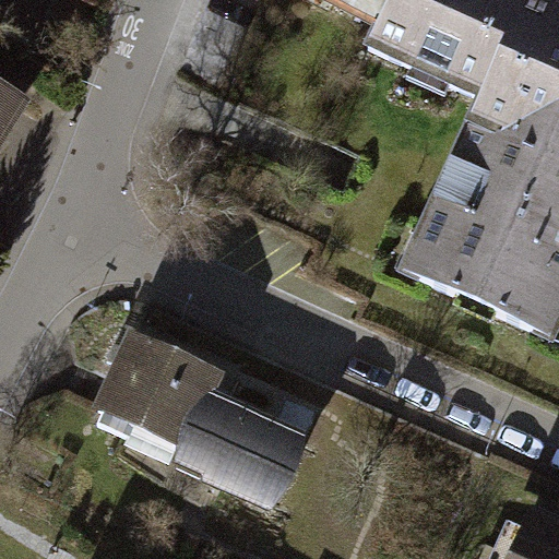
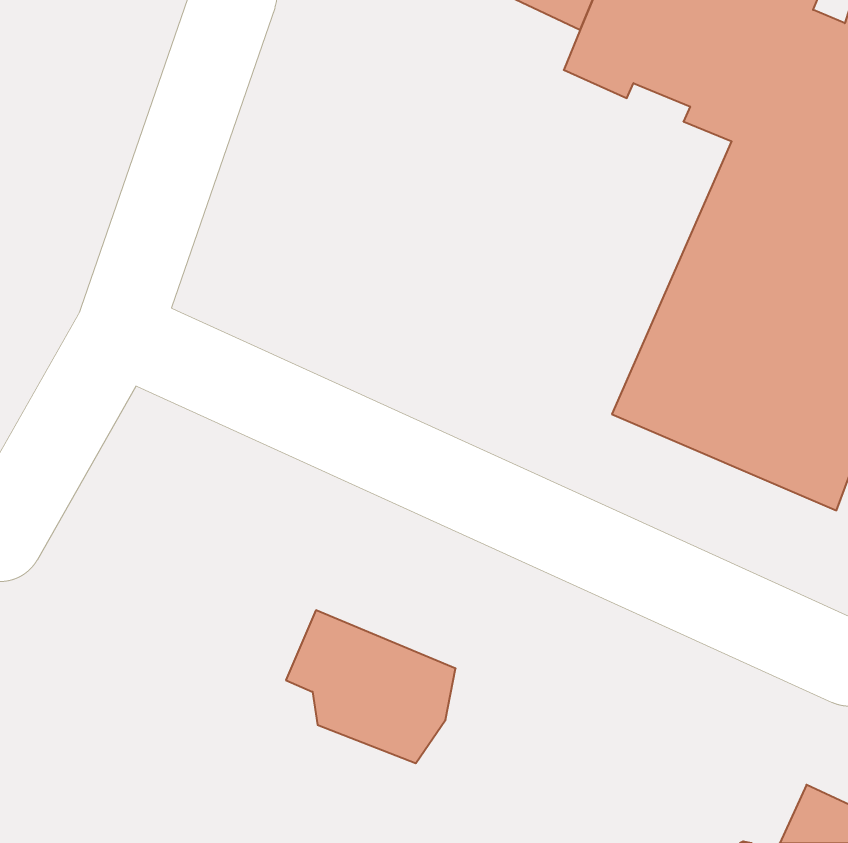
building: [95,333,219,447] -> none

